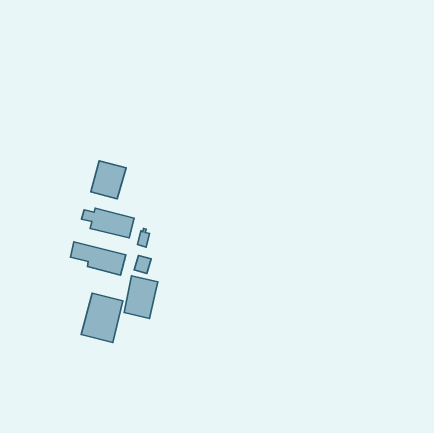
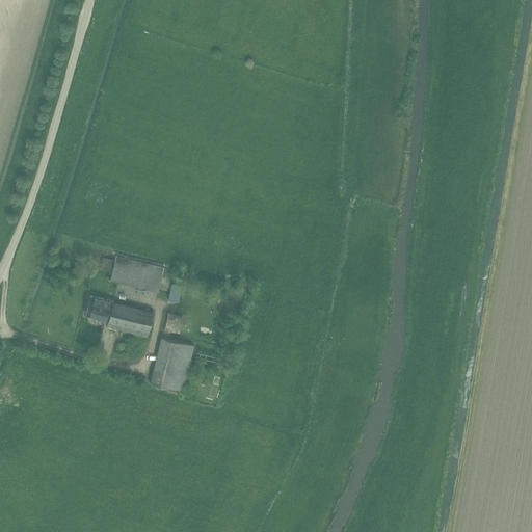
building: [91,161,126,199] -> none
building: [81,293,123,342] -> none

